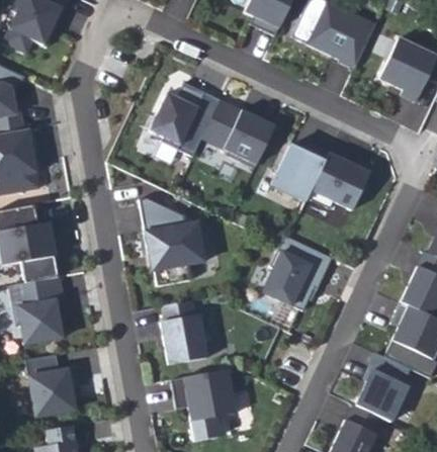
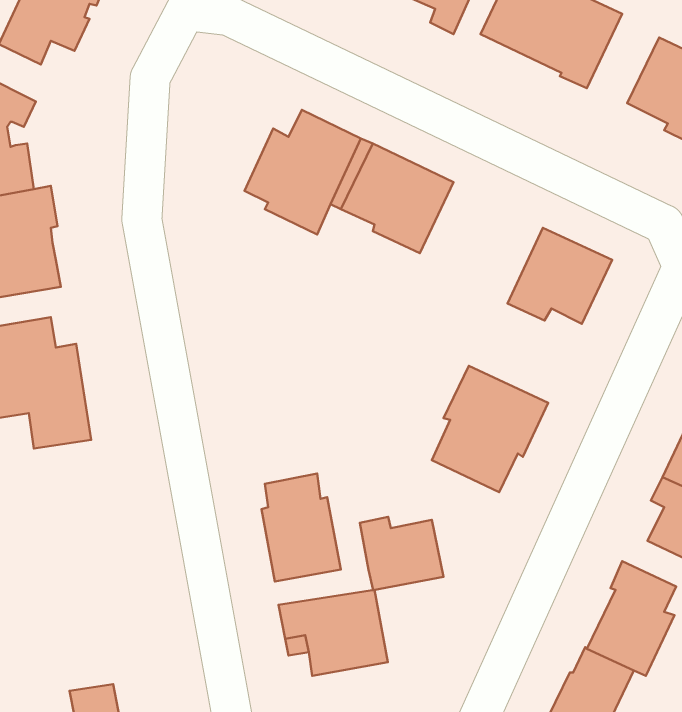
building: [271,144,330,201] -> none
building: [139,198,204,286] -> none
building: [8,277,67,345] -> none
building: none -> [360,517,444,590]
building: [24,355,81,417] -> none

